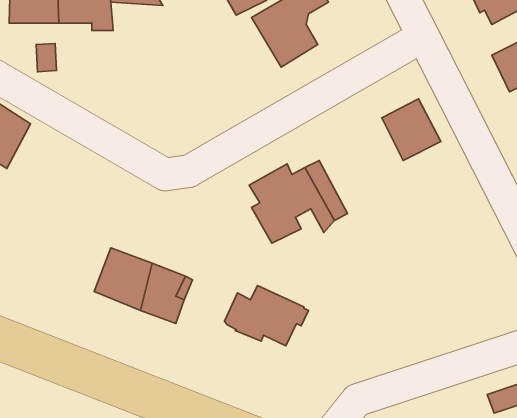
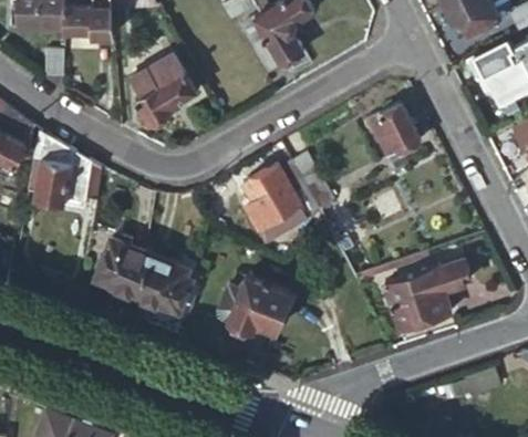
building: none -> [130,53,195,124]
building: none -> [35,131,104,209]
building: none -> [381,257,474,331]

